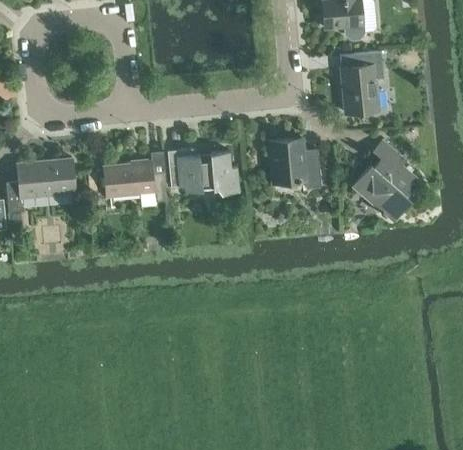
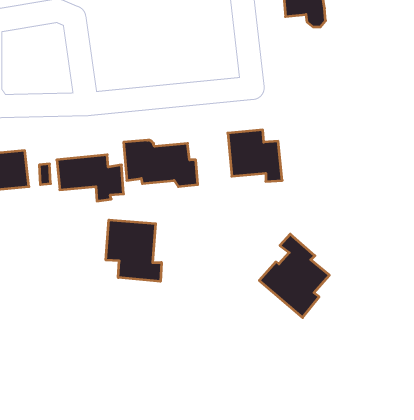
building: [340,52,384,114] -> none
building: [352,141,420,222] -> [259,234,329,318]
building: none -> [106,220,161,281]

